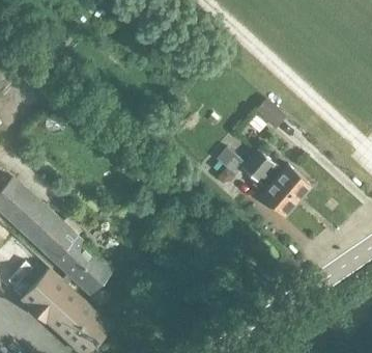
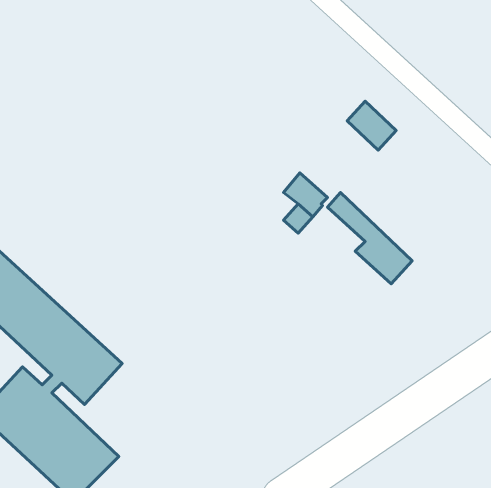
building: [252,152,312,203] -> none

